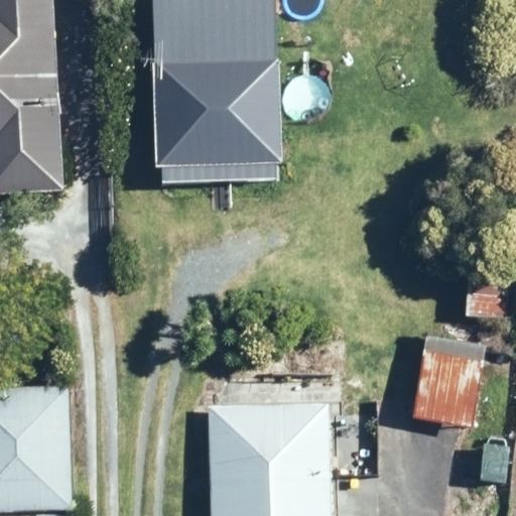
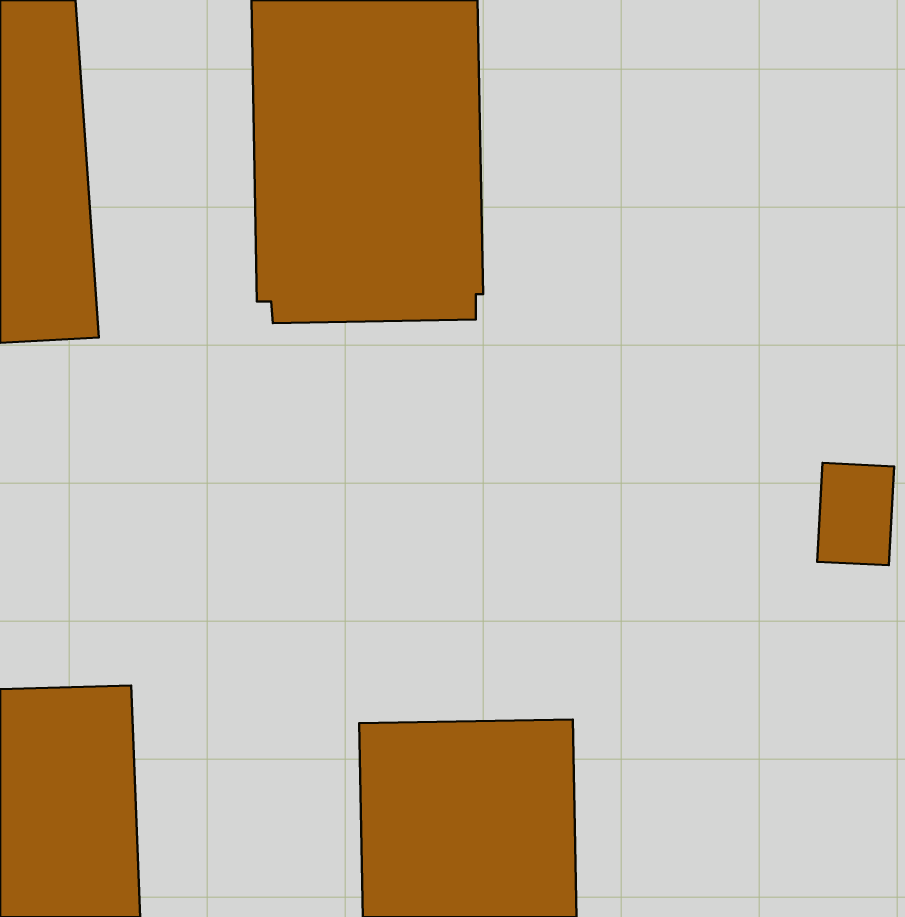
building: [381,338,485,427] -> none

